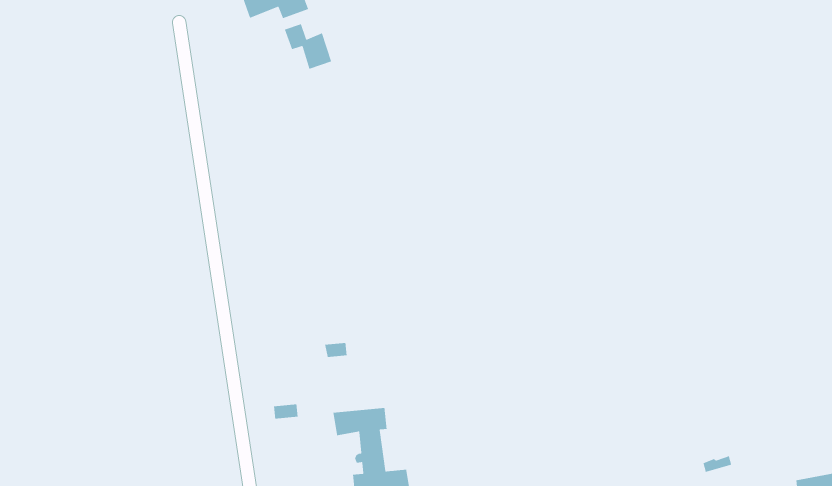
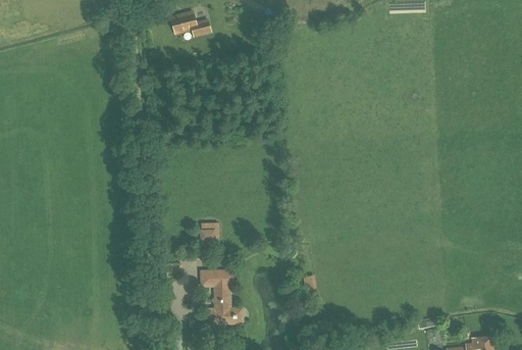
building: [284,23,332,70] -> none

